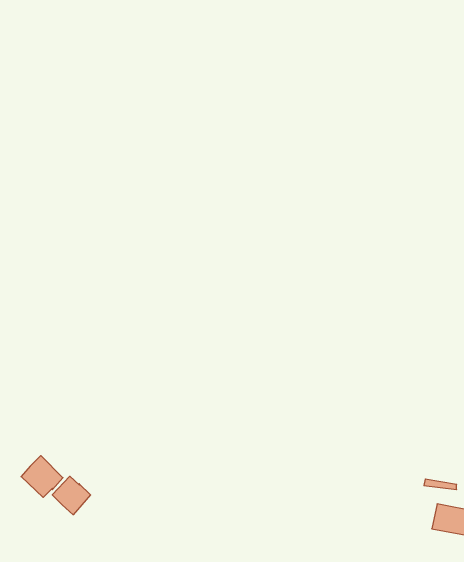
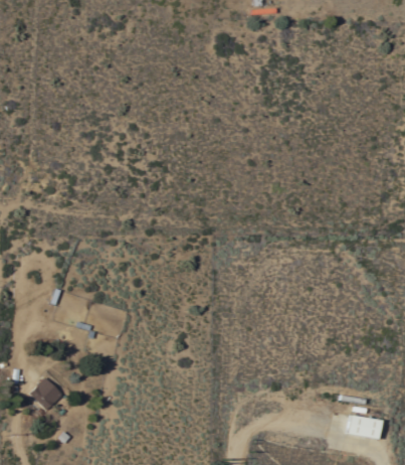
building: [52,476,91,515] -> none

